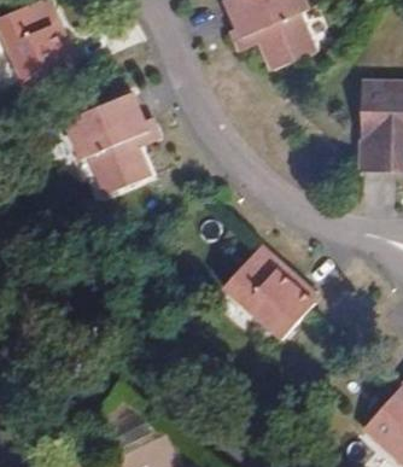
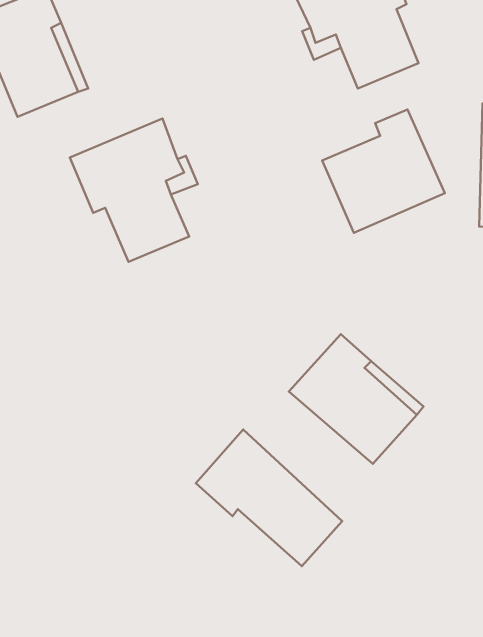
building: none -> [322,110,445,233]
building: none -> [196,429,342,566]

